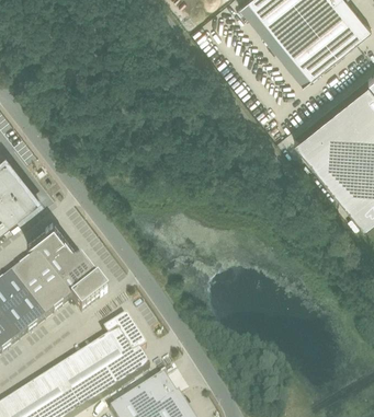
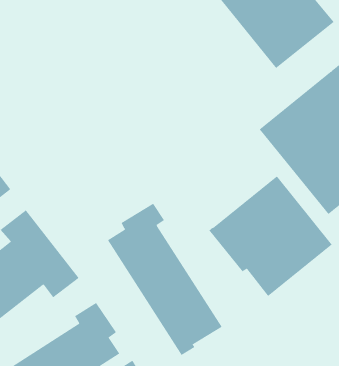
building: none -> [208,175,333,297]
building: none -> [107,203,222,356]

